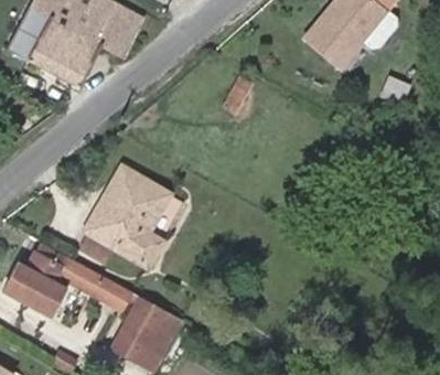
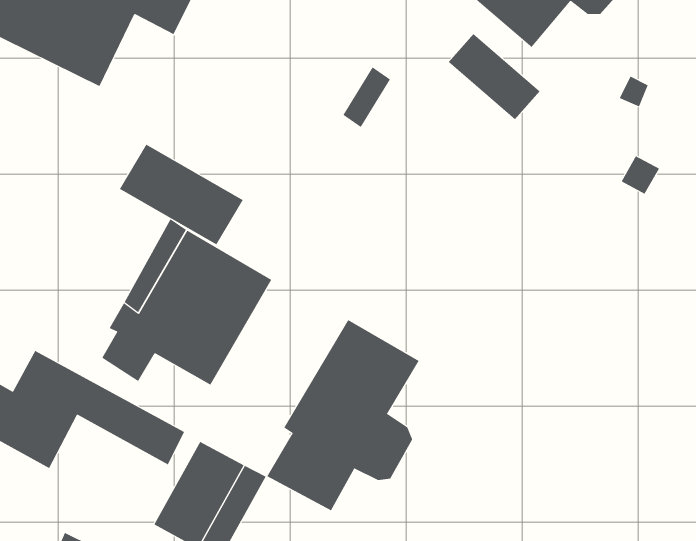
building: none -> [448,33,541,120]
building: none -> [119,144,243,245]
building: none -> [267,319,420,511]

